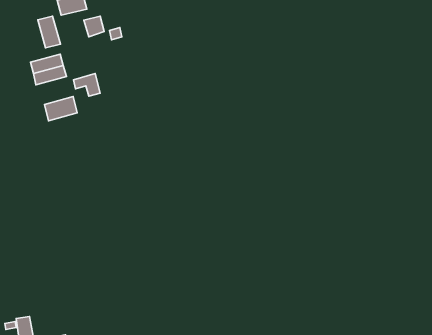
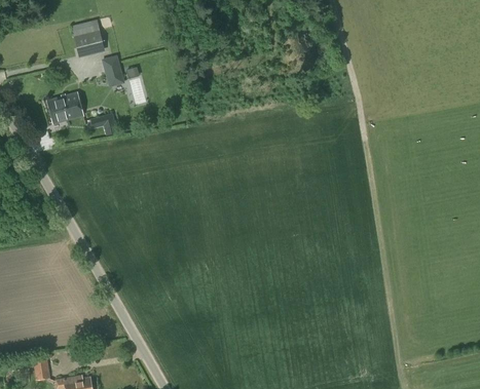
building: [38,16,60,48] -> none
building: [44,96,77,121] -> none

